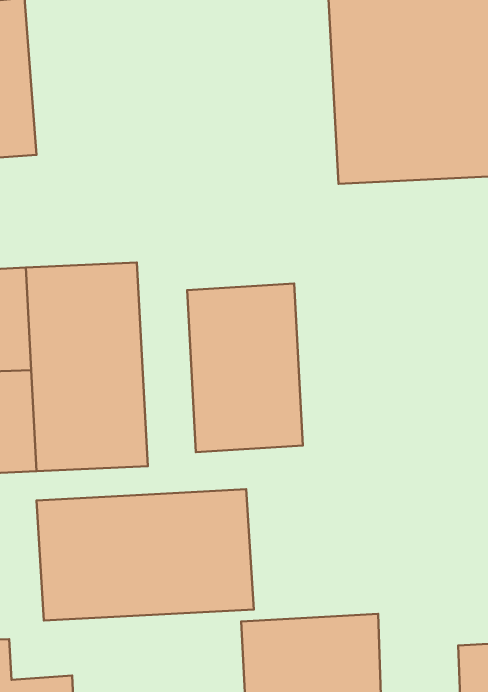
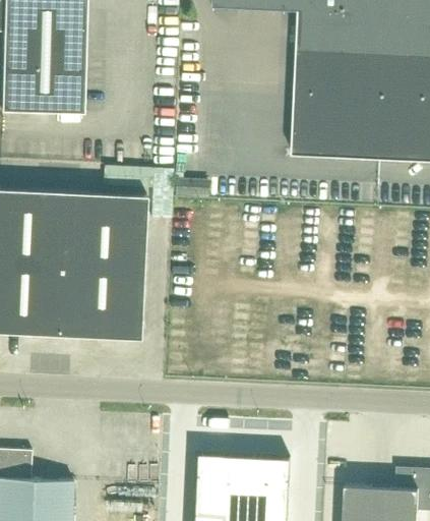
building: [187,283,303,452] -> none
building: [36,489,254,621] -> none

